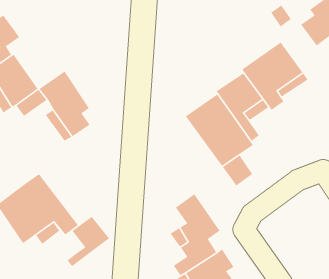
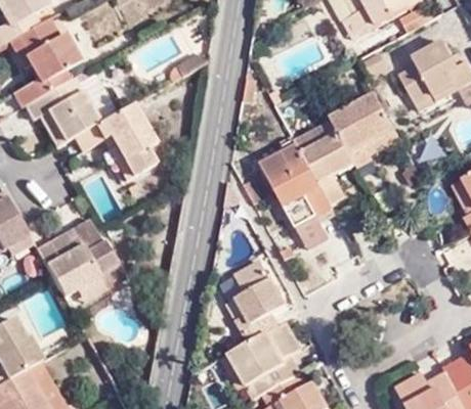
building: [67,216,110,267] -> none

